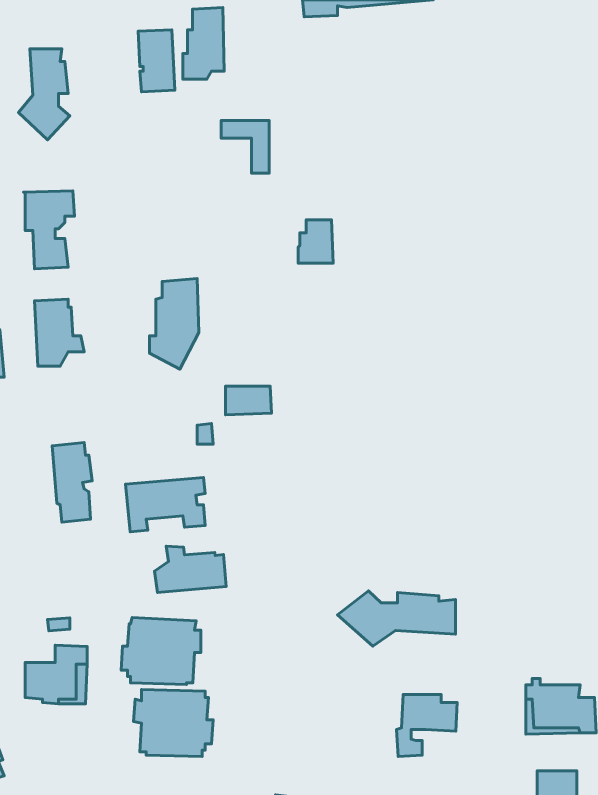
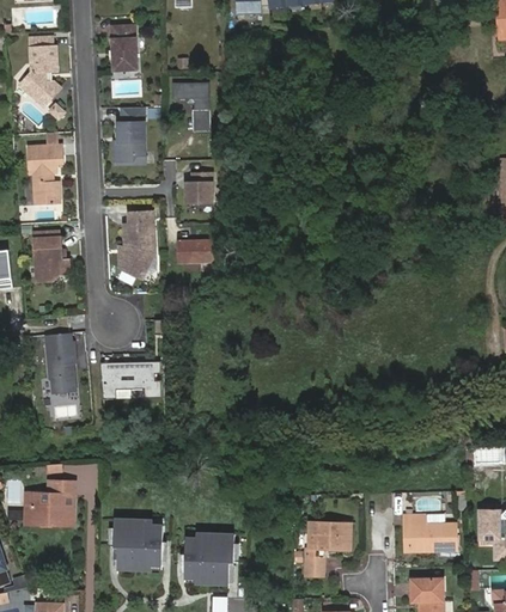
building: [183,7,224,79] -> [115,106,146,160]
building: [298,220,333,263] -> [187,175,213,207]
building: [225,386,272,415] -> [178,241,213,263]
building: [154,546,226,592] -> none
building: [338,591,455,646] -> none
building: [121,618,201,685] -> [179,532,239,582]

